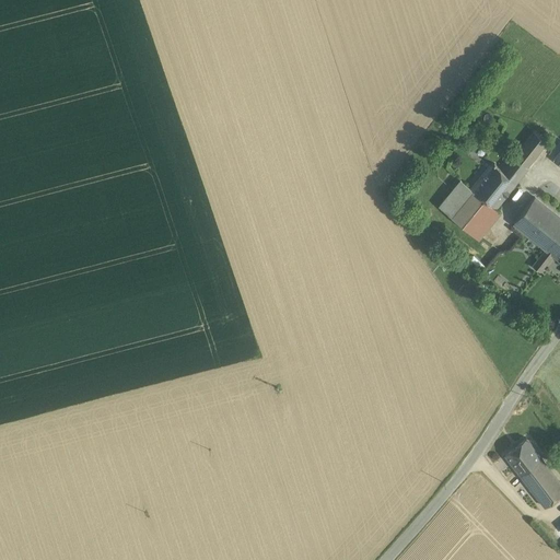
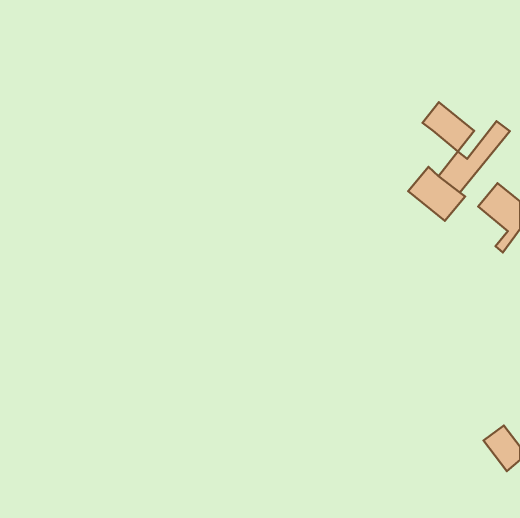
building: none -> [423,102,474,152]
building: [504,440,541,476] -> none

